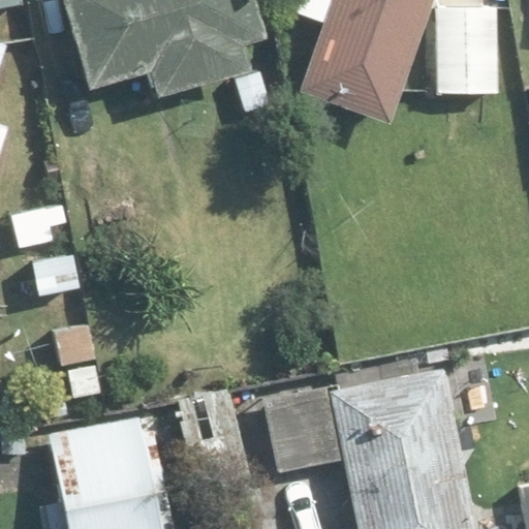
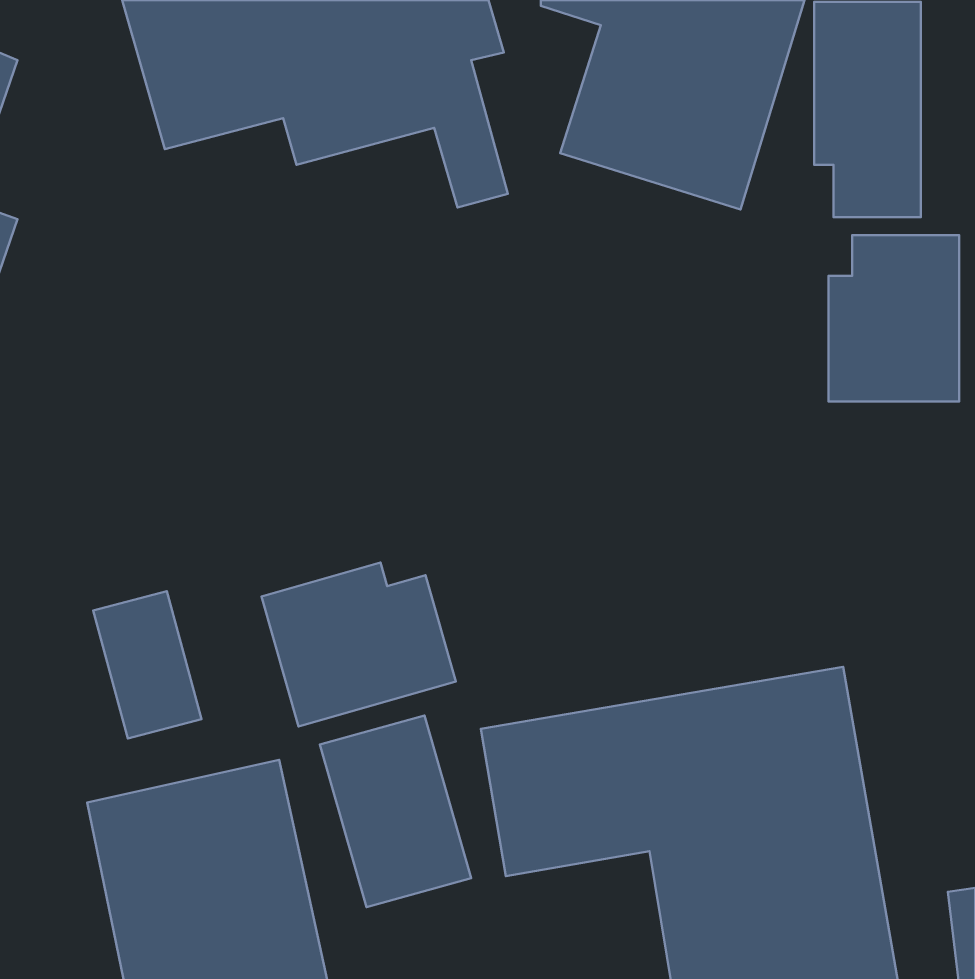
building: none -> [828,235,959,401]
building: none -> [261,563,456,727]

